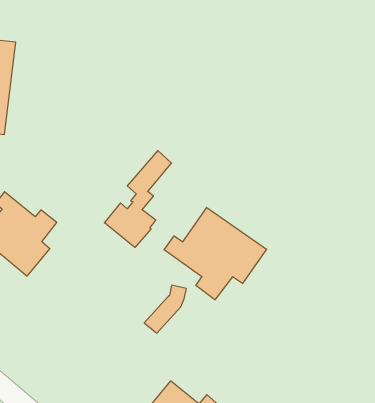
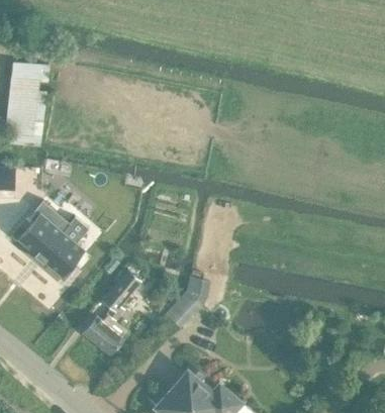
building: [104,151,172,247] -> [82,271,141,356]
building: [164,207,267,300] -> none

